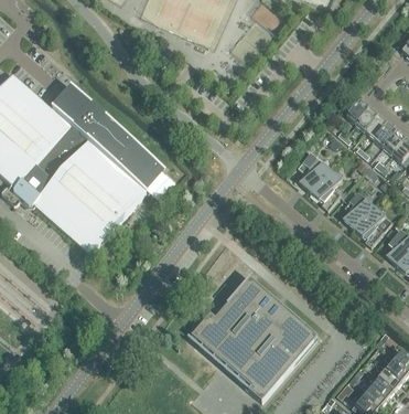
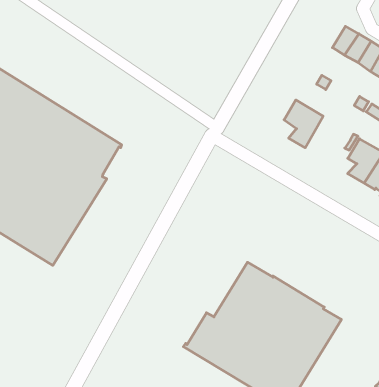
building: [311,169,342,210] -> none

